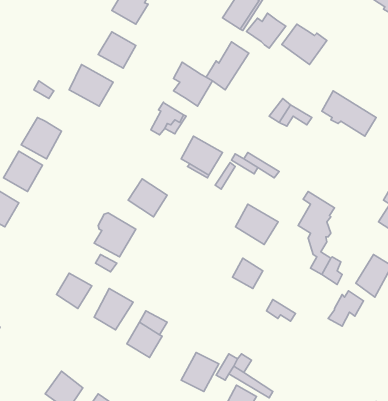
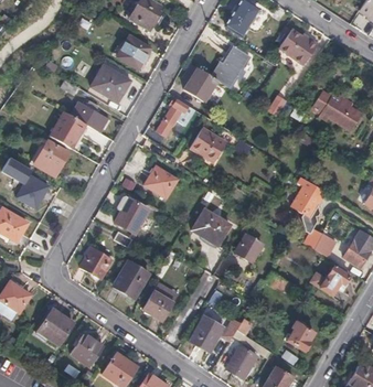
building: [246,13,286,48] -> none
building: none -> [71,101,108,132]
building: [235,204,278,245] -> [192,211,230,246]
building: none -> [38,310,73,345]
building: none -> [286,320,312,351]

